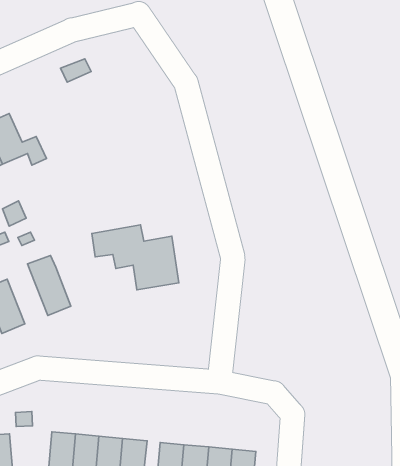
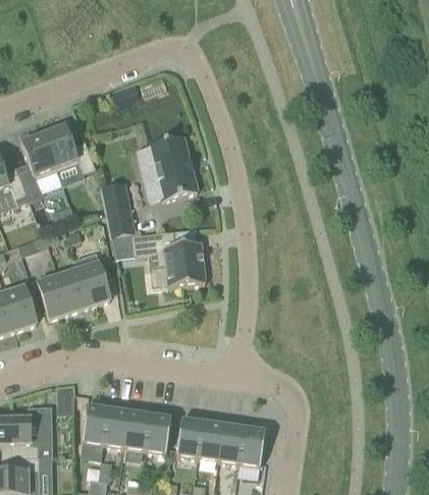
building: none -> [146,135,197,201]
building: none -> [101,182,135,237]
building: none -> [56,265,90,311]

